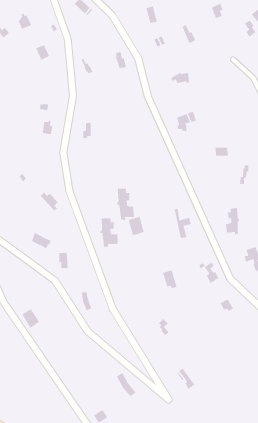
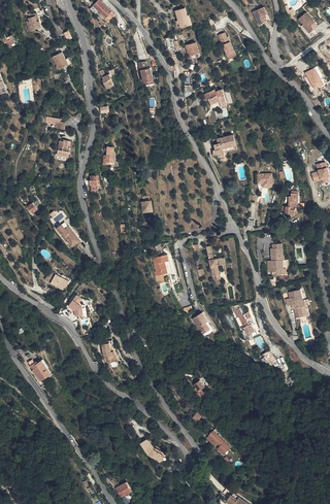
building: [117,188,134,221] -> none
building: [100,218,118,248] -> none

